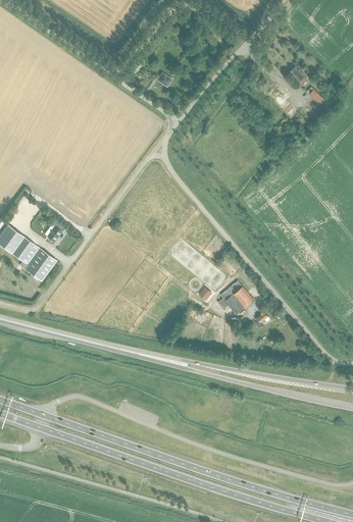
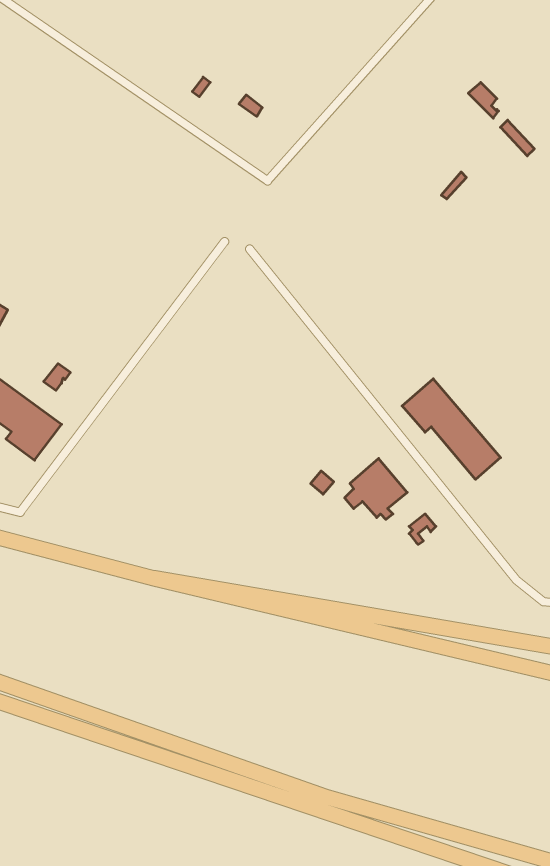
building: none -> [402,379,501,479]

